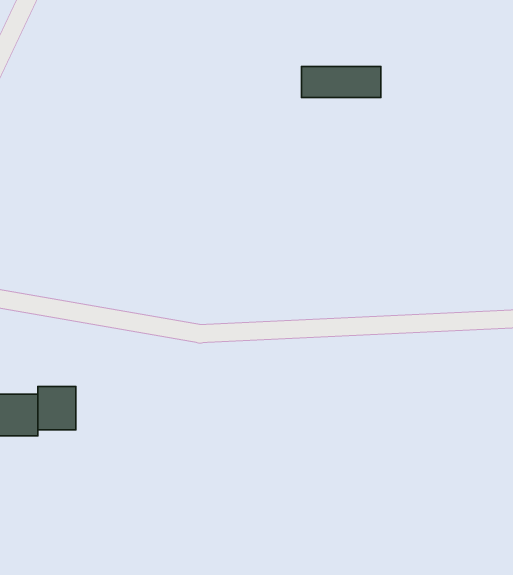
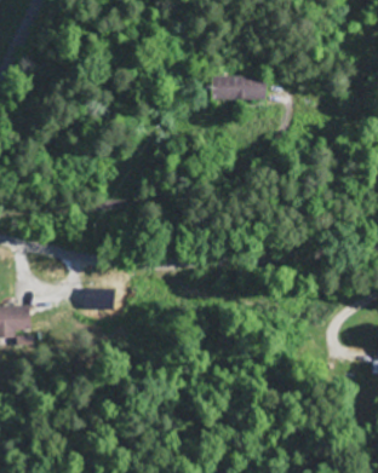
building: [38,386,76,430] -> none

